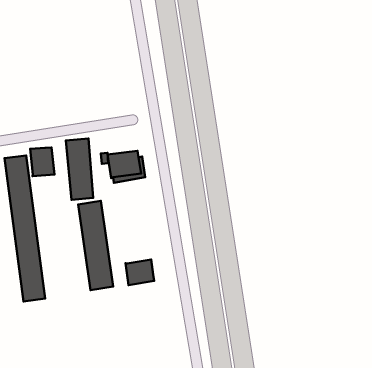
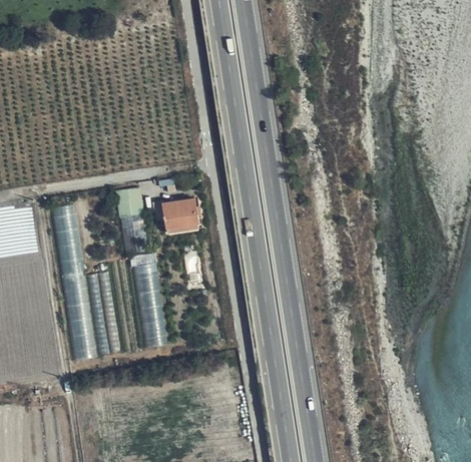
building: [30,147,55,176] -> none
building: [126,259,154,285] -> none

